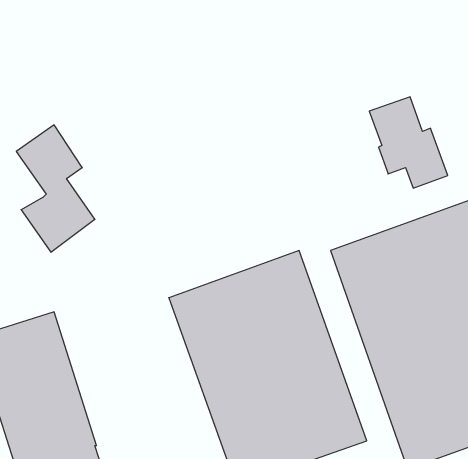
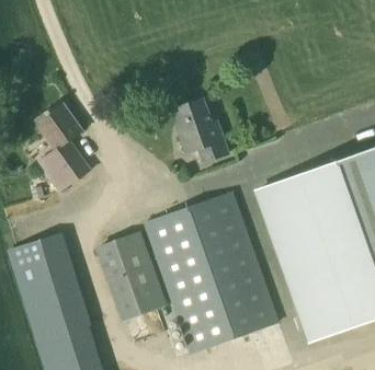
building: [369,97,448,188] -> [173,100,228,163]
building: none -> [94,232,167,322]

